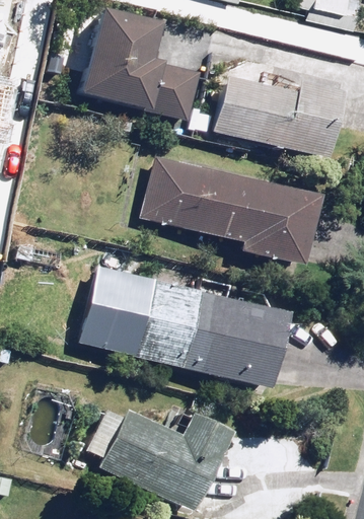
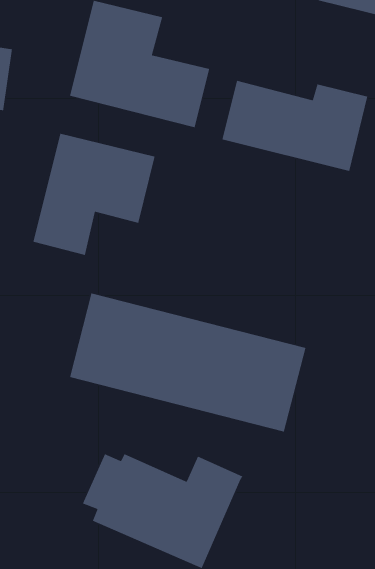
building: none -> [33,133,156,256]
building: [144,155,317,264] -> none

